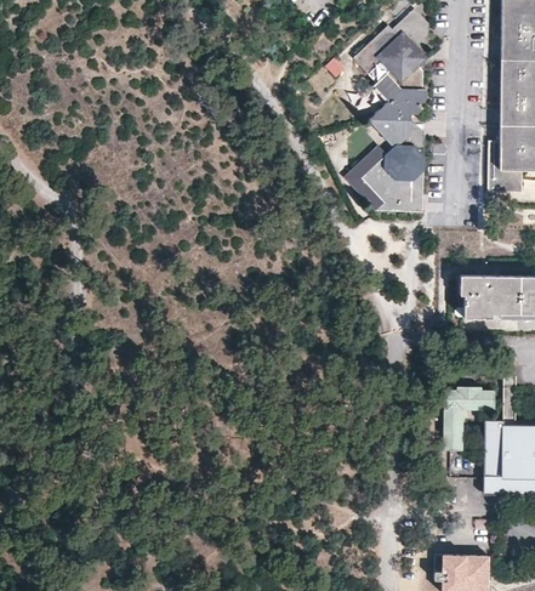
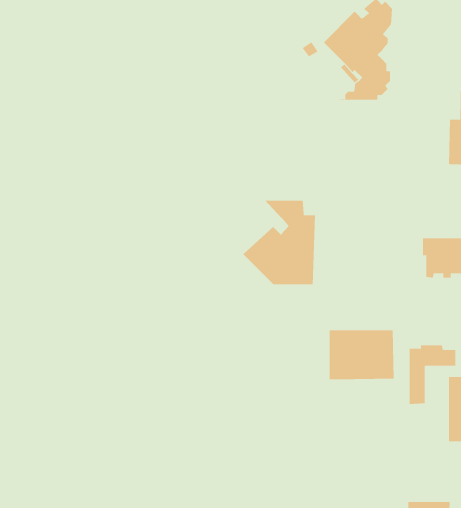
building: [346,123,425,214] -> [243,200,316,285]
building: none -> [329,329,394,380]

